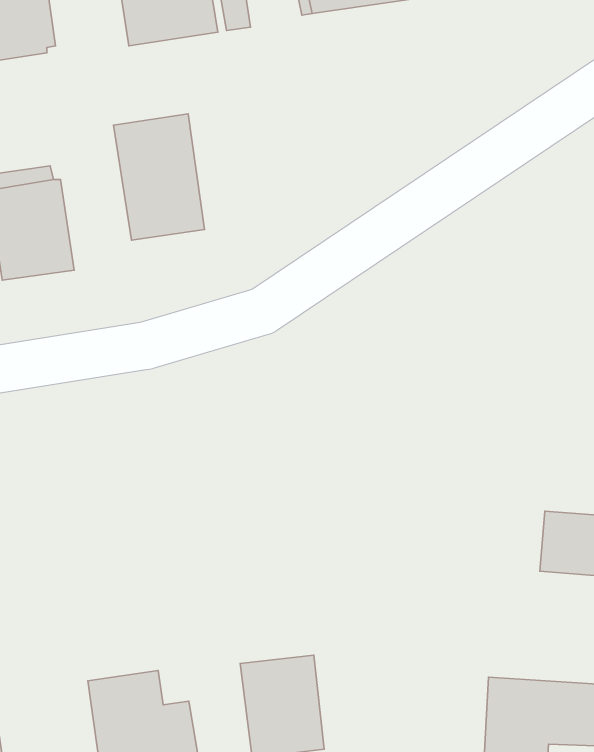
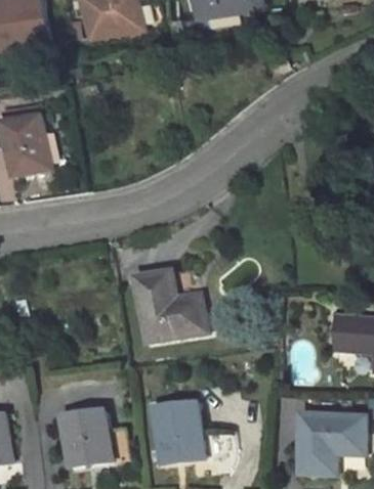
building: [113,114,205,240] -> none
building: none -> [135,271,206,340]

